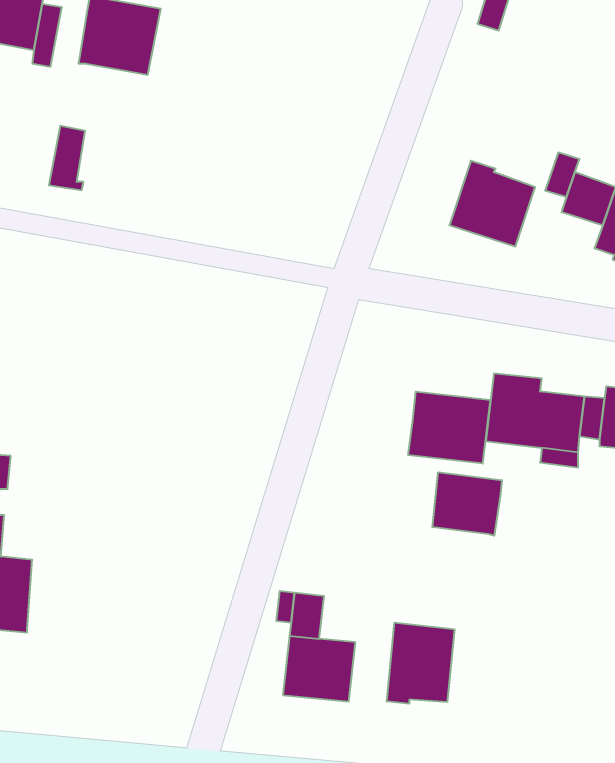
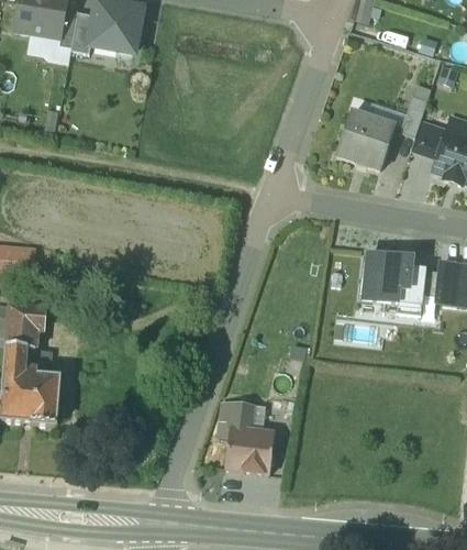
building: [49,126,85,190] -> [70,9,94,52]
building: [408,391,490,464] -> none
building: [432,472,502,536] -> none
building: [387,623,454,704] -> none

